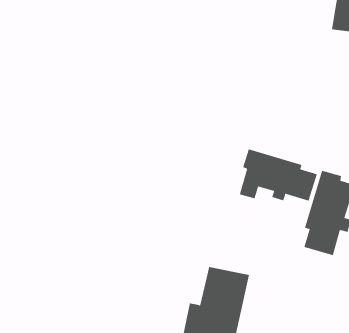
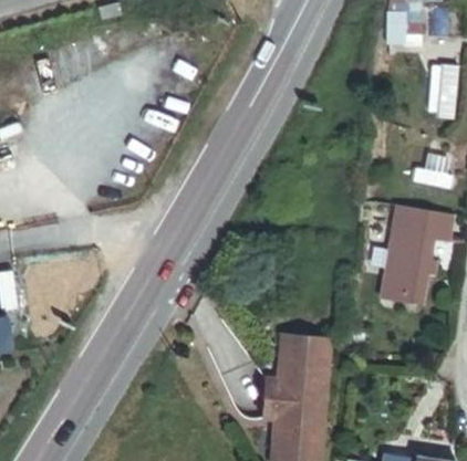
building: [239,148,317,202] -> none

